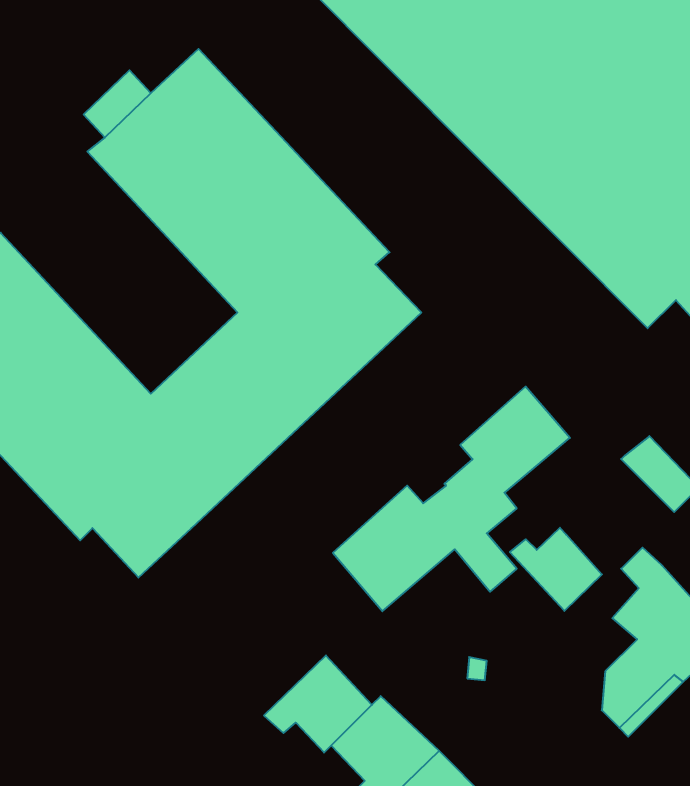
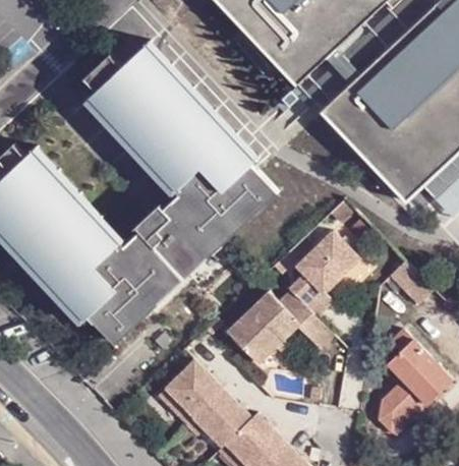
building: [510,528,602,611] -> none
building: none -> [157,360,221,424]

